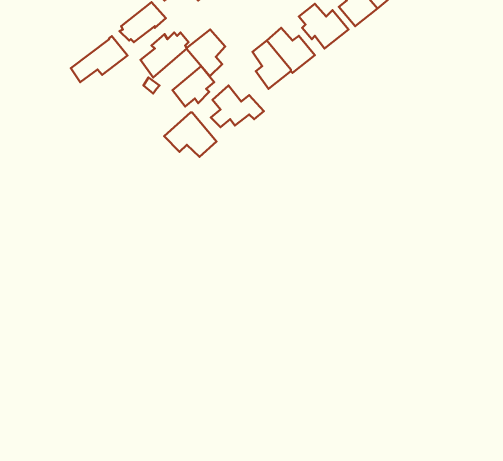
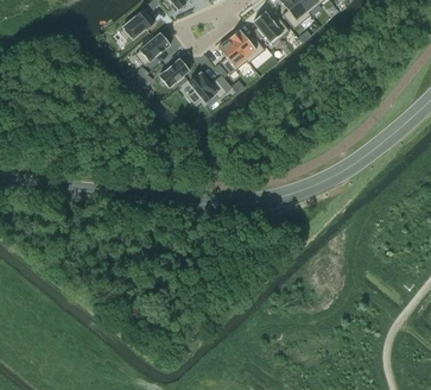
building: [187,29,225,76] -> none
building: [71,36,127,82] -> none
building: [164,112,216,157] -> none

